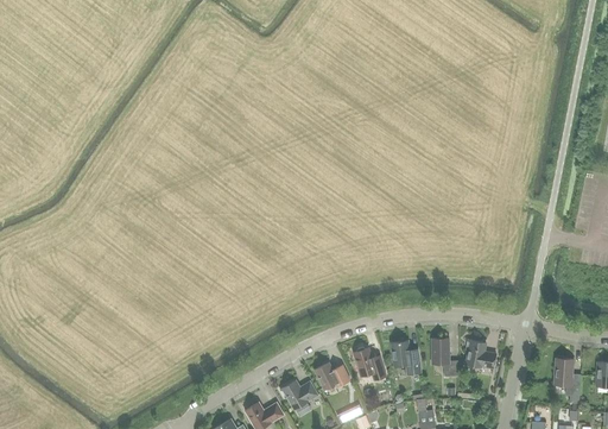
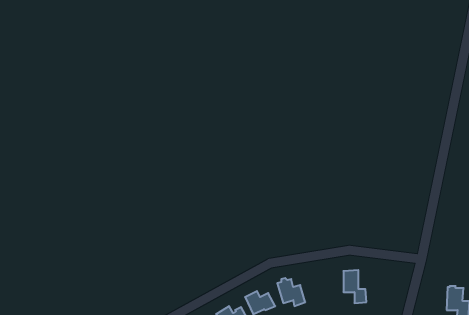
building: [391,339,420,373] -> none
building: [466,339,496,367] -> none

